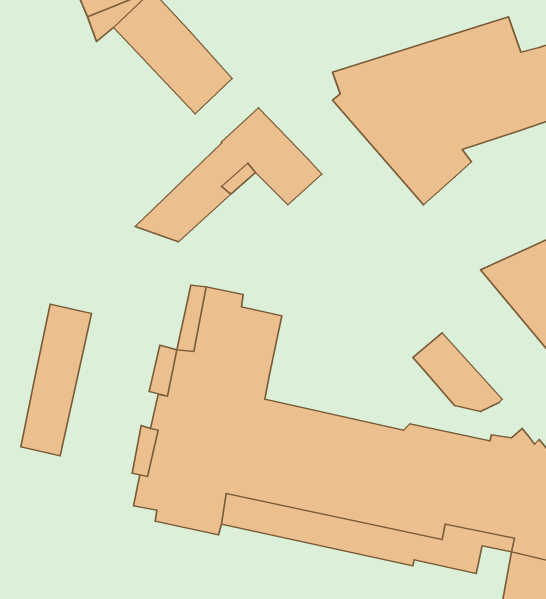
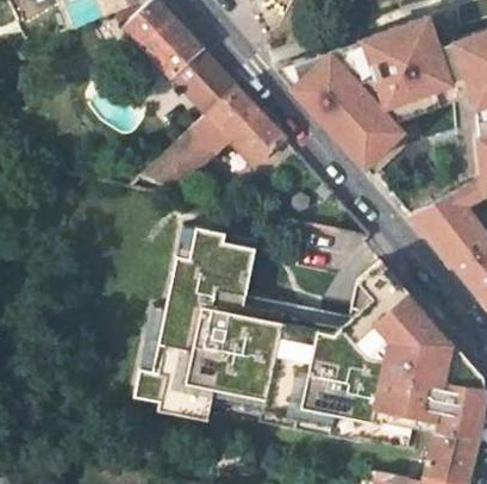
building: none -> [187,63,236,112]
building: [21,304,91,456] -> none
building: none -> [241,290,439,343]

